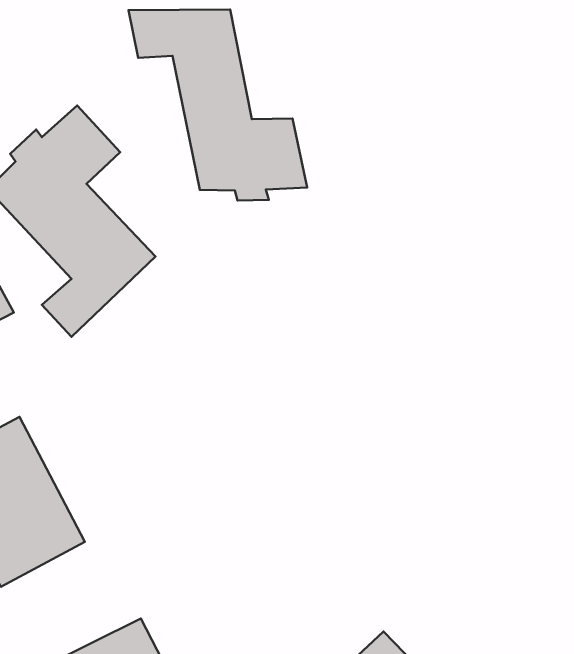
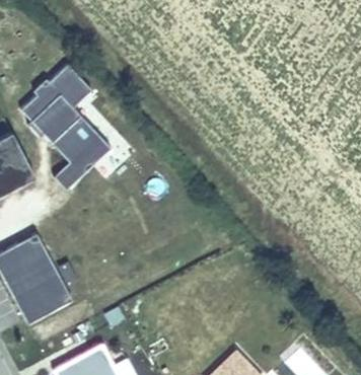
building: [128,9,307,201] -> none

